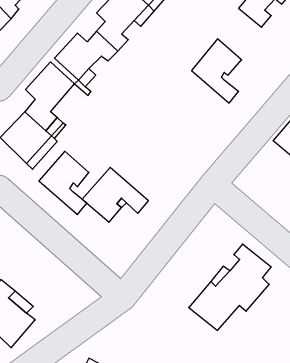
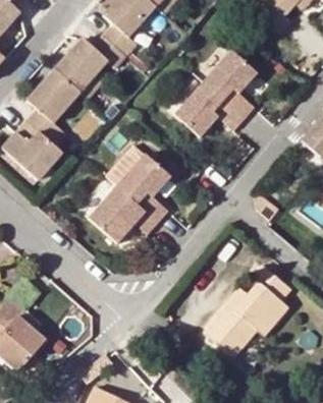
building: none -> [176,80,245,134]
building: [39,151,89,215] -> [118,152,171,219]

